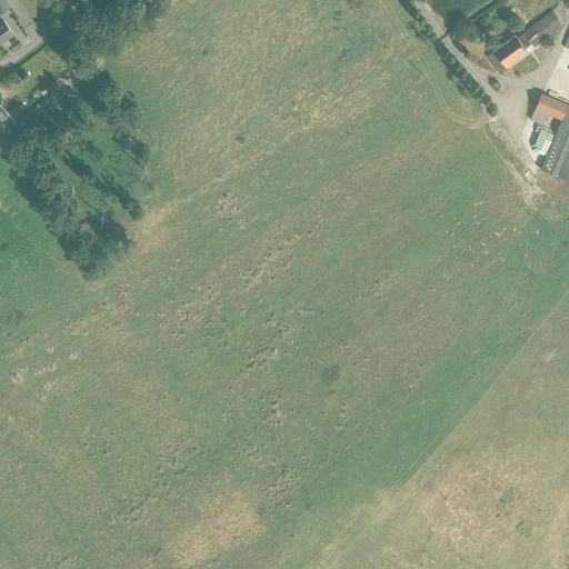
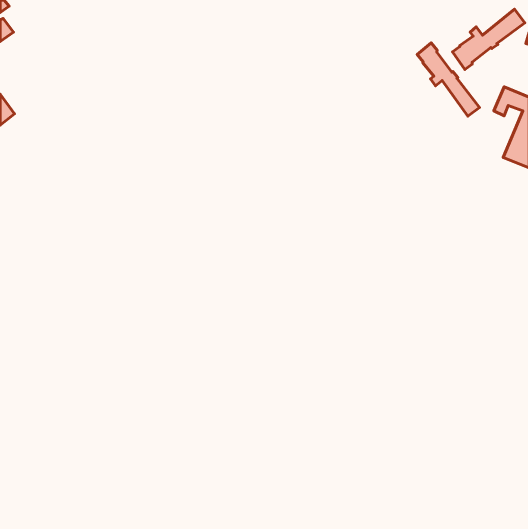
building: none -> [417,43,480,116]

